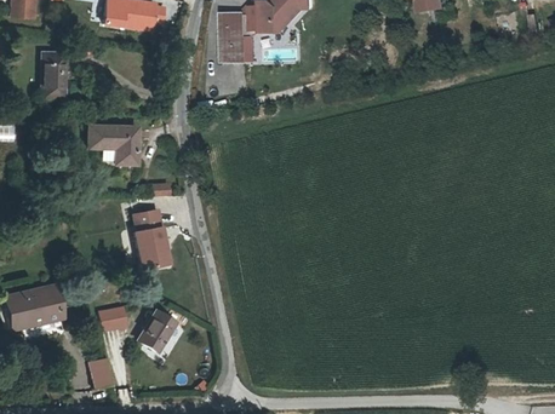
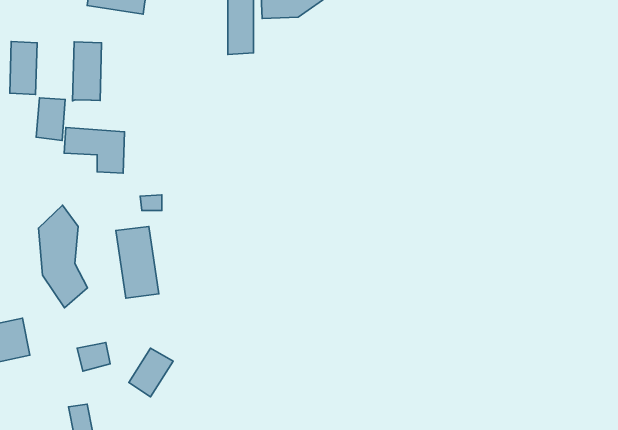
building: none -> [72,42,101,101]
building: none -> [36,98,65,141]
building: none -> [38,205,87,308]

